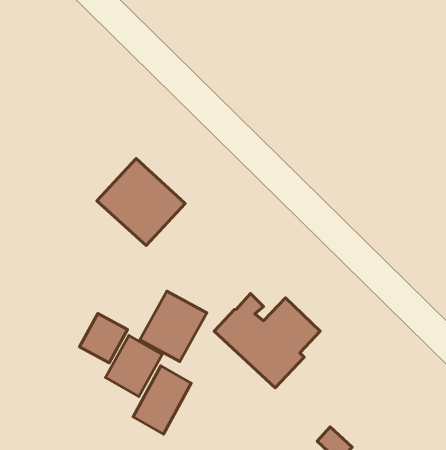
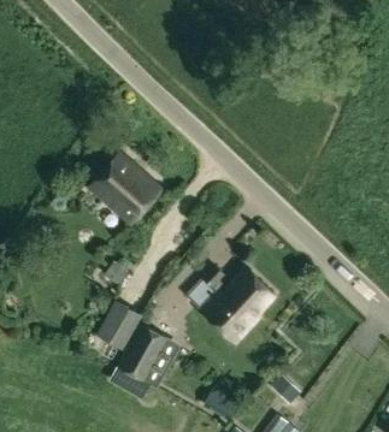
building: [140,291,207,362] -> none
building: [79,313,128,363] -> none

